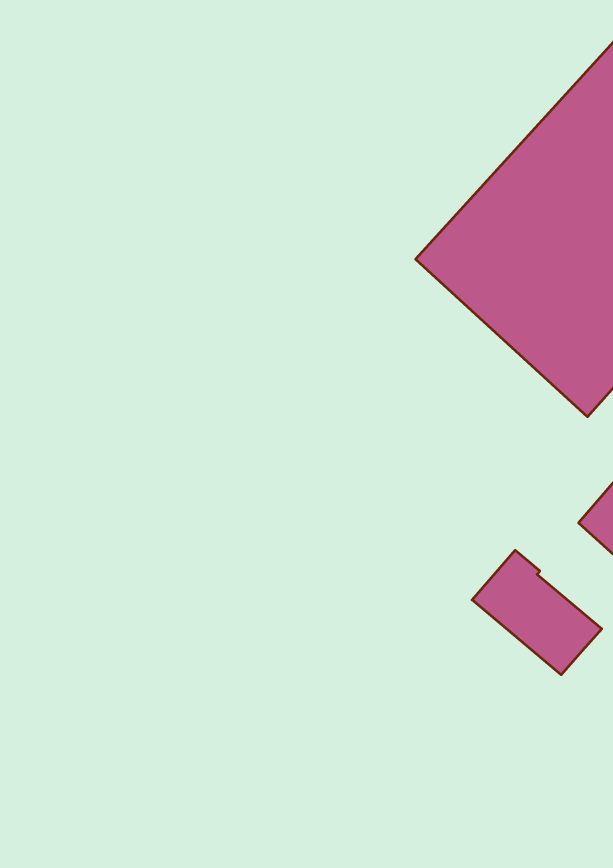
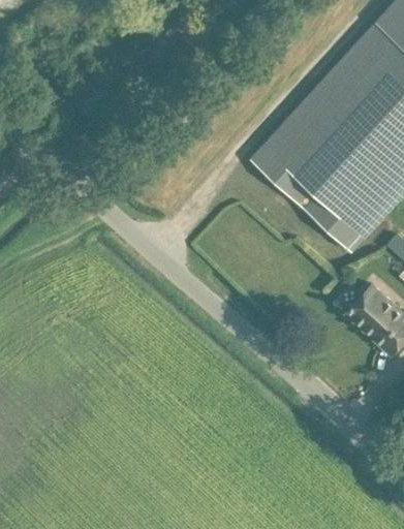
building: [472,550,602,675] -> none

